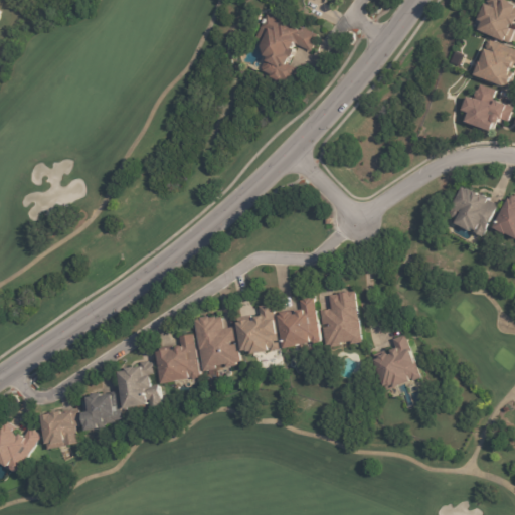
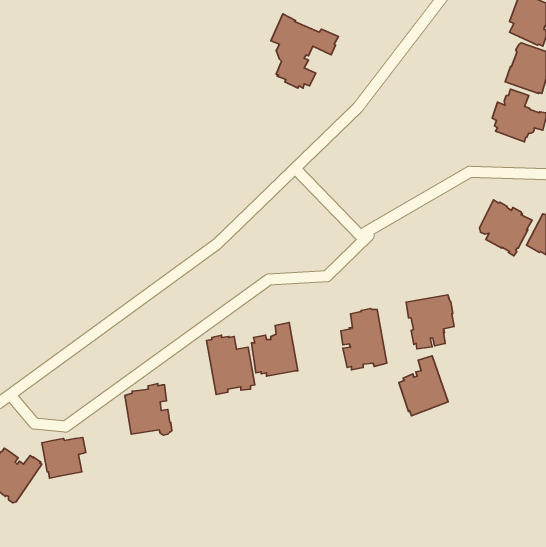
building: none -> [406,295,454,349]
building: [276,296,320,347] -> none
building: [156,332,198,382] -> none
building: [79,389,122,430] -> none

